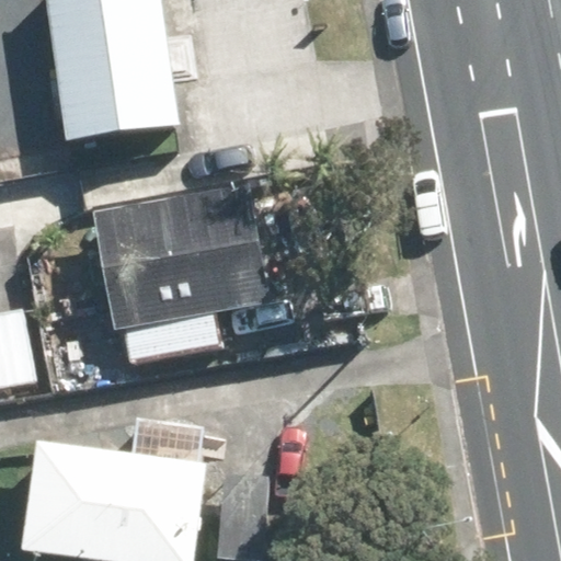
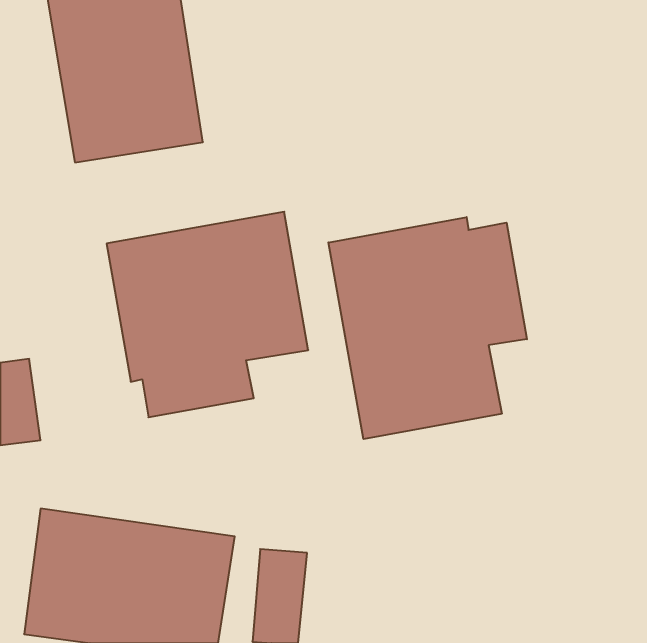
building: none -> [328,217,527,439]

